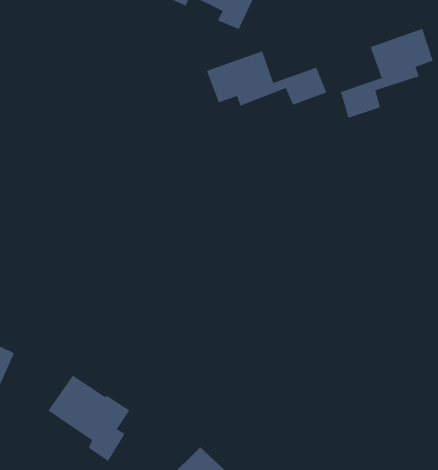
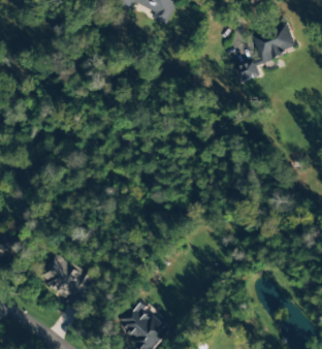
building: [206,51,327,106] -> none

